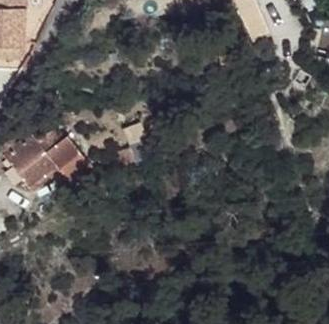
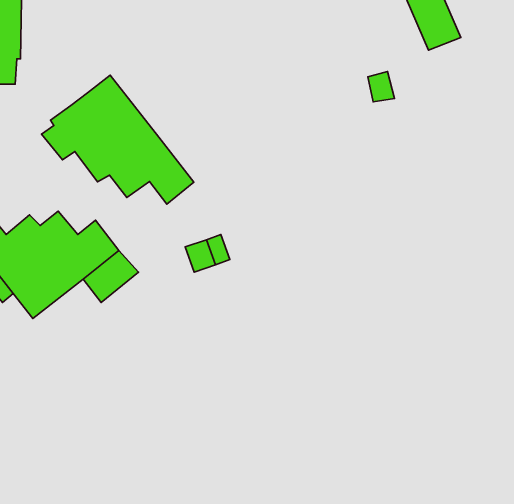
building: none -> [42,75,194,204]

